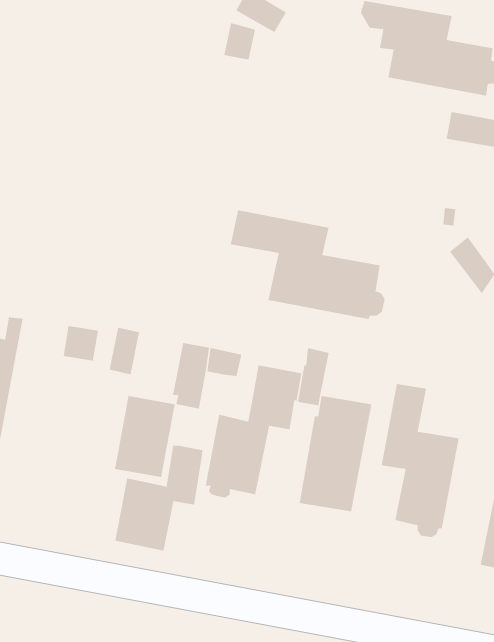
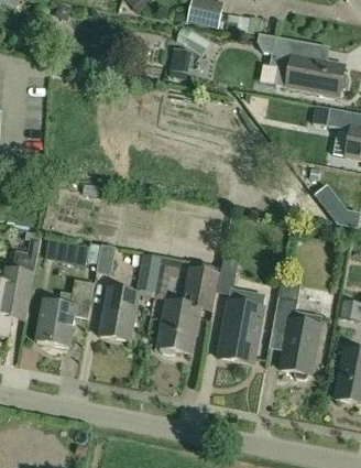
building: [230,209,385,320] -> none
building: [114,445,203,551] -> [35,279,92,347]

